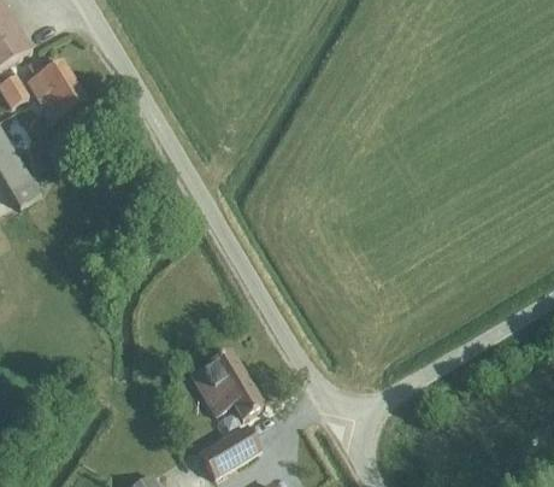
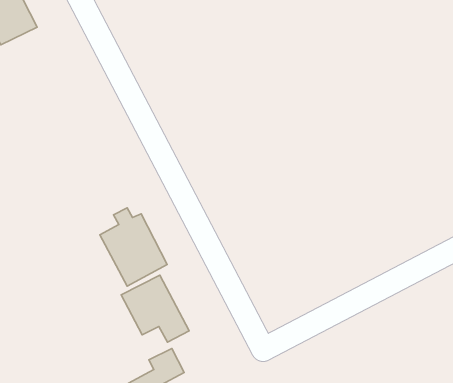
building: none -> [100,208,167,286]

